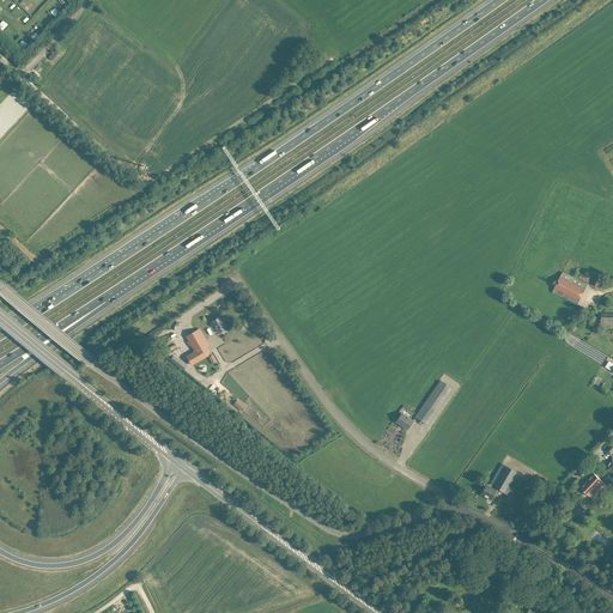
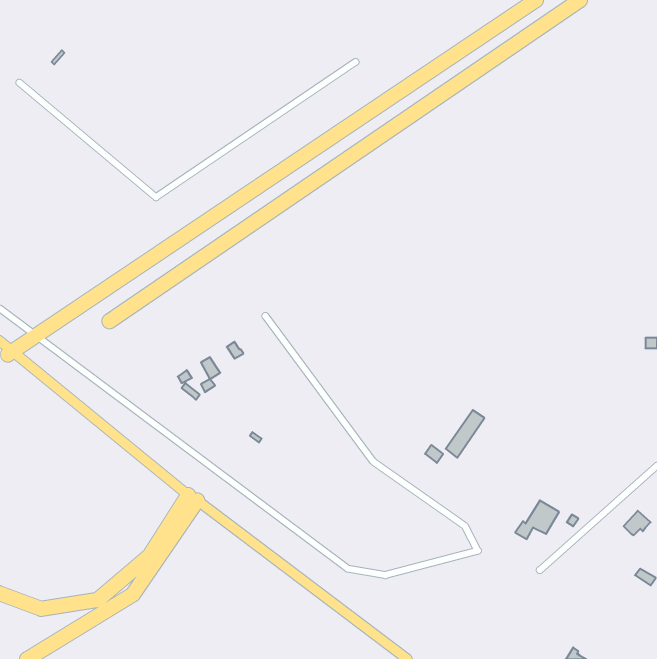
building: [551,272,585,305] -> none

